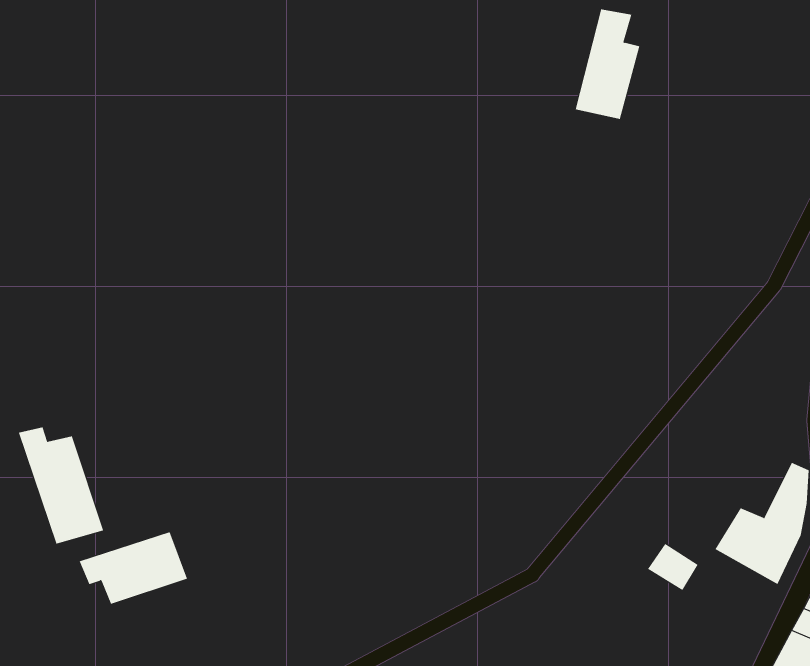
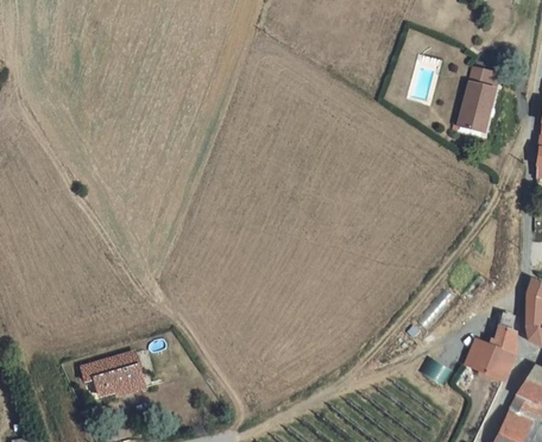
building: [575,9,640,119] -> [455,62,494,128]
building: [18,427,104,544] -> none

